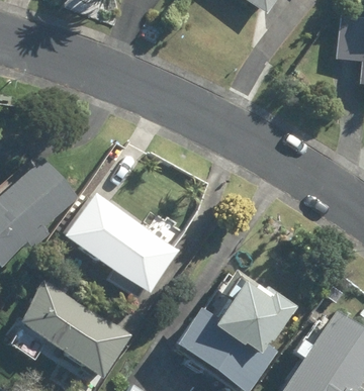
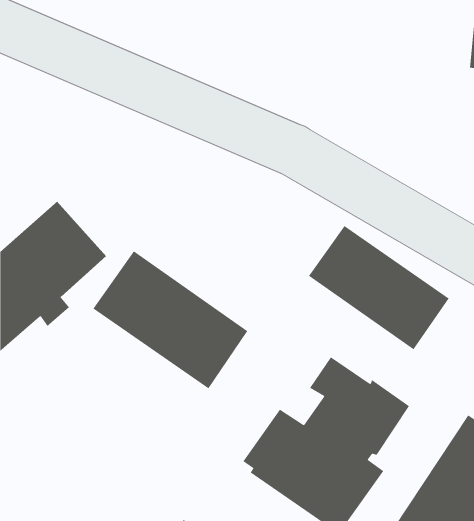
building: none -> [308,225,449,350]
building: [19,279,131,378] -> none

